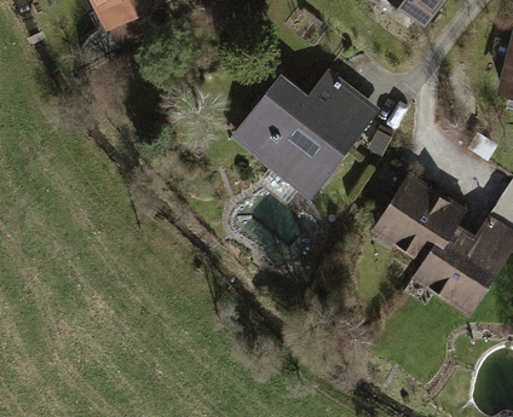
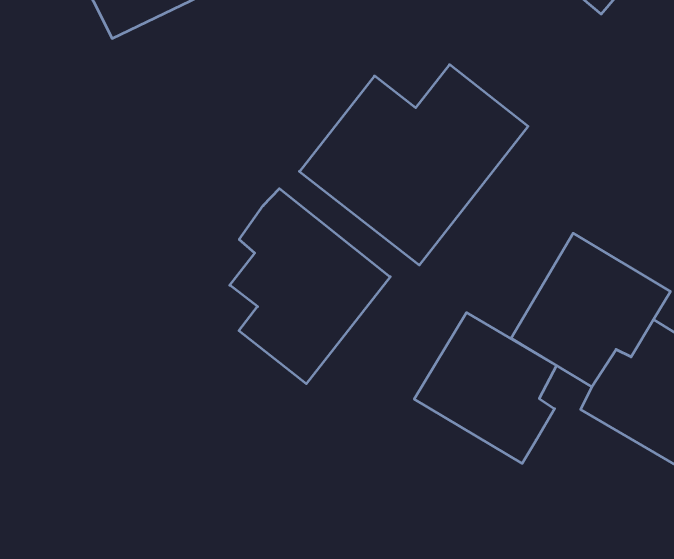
building: none -> [230,189,390,384]
building: none -> [414,313,557,463]

